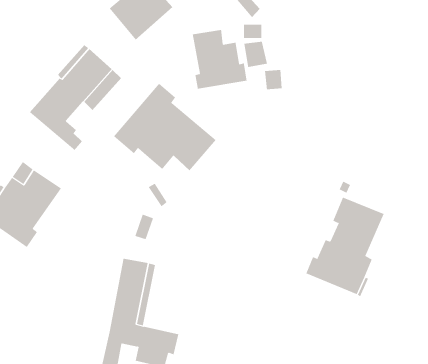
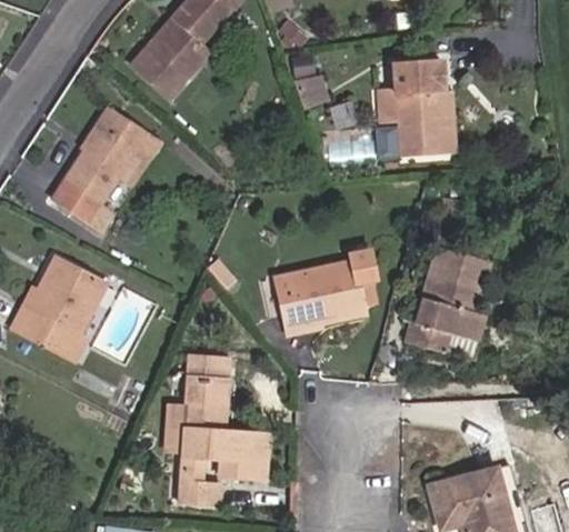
building: [192,29,247,90] -> none
building: none -> [378,60,455,158]
building: [113,83,217,171] -> none
building: none -> [274,250,373,333]

